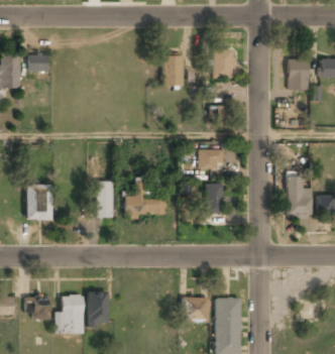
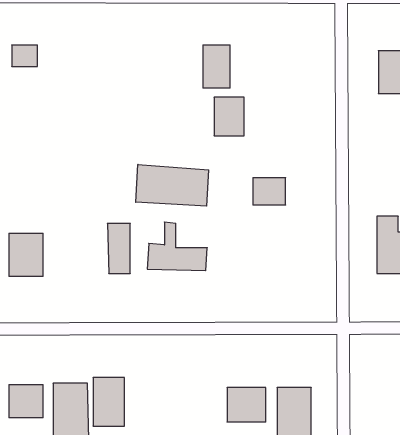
building: [213,49,234,77] -> [214,97,244,136]
building: none -> [136,164,209,206]
building: [206,183,223,214] -> none

